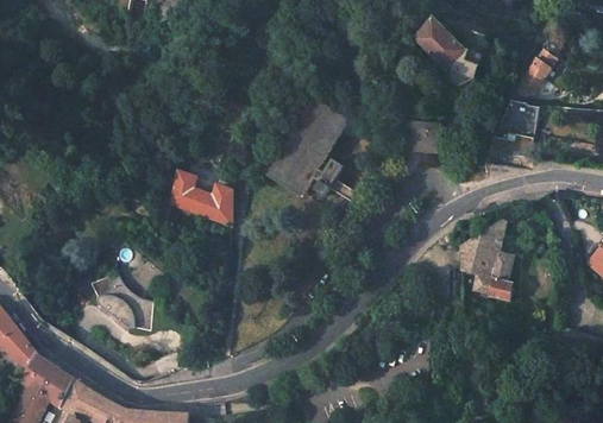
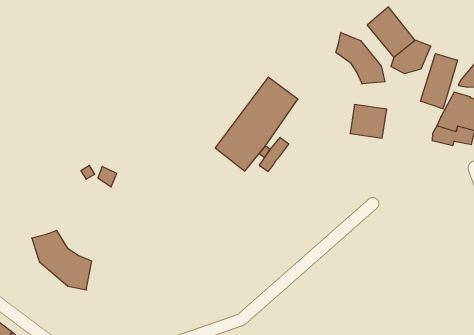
building: none -> [336,32,385,84]
building: none -> [421,54,457,109]
building: [168,170,231,223] -> none
building: [459,219,511,298] -> none

